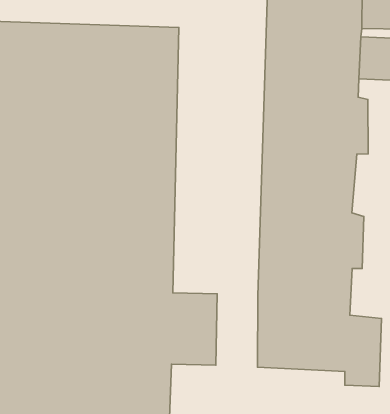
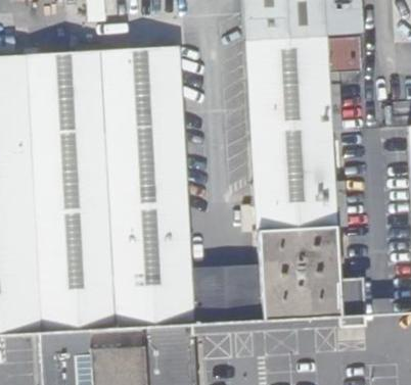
building: none -> [227,260,267,322]

